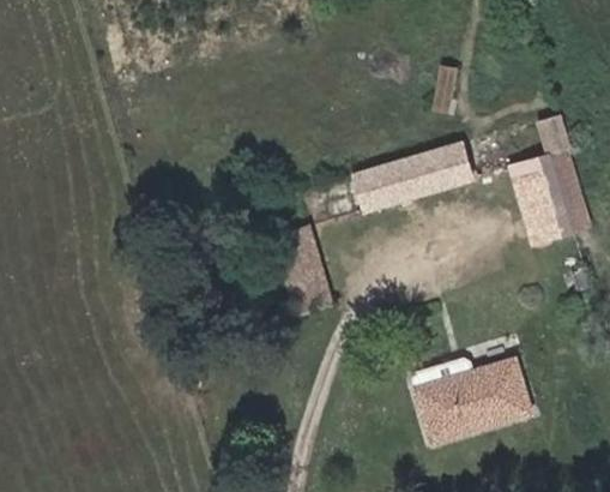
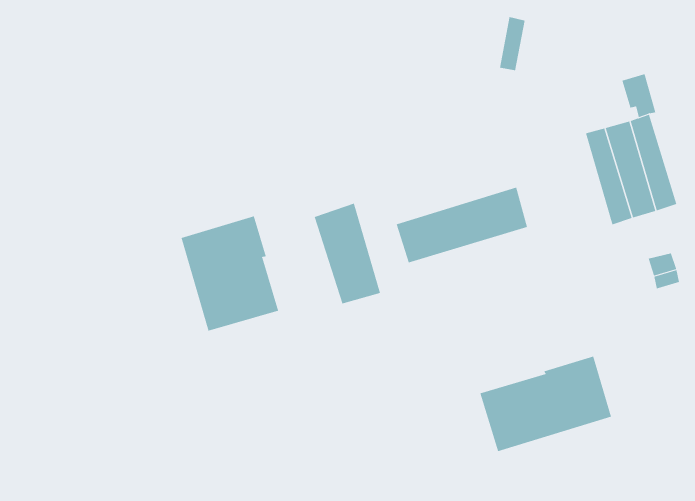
building: [356,142,470,208] -> [396,187,528,263]
building: none -> [181,216,279,332]

